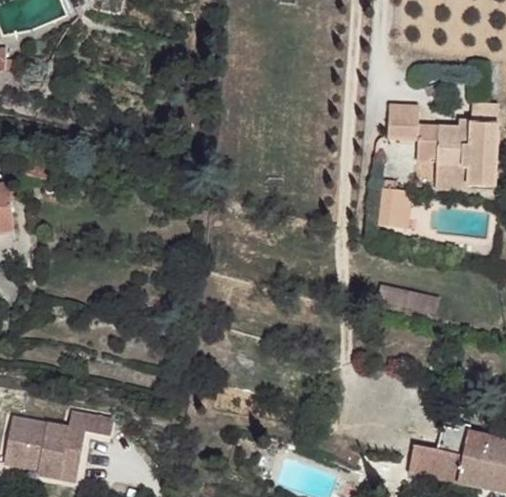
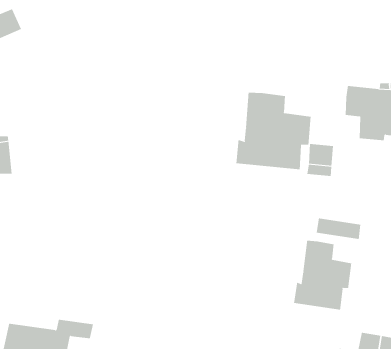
building: [387,105,421,142] -> none
building: none -> [236,92,311,170]
building: none -> [293,240,352,310]

